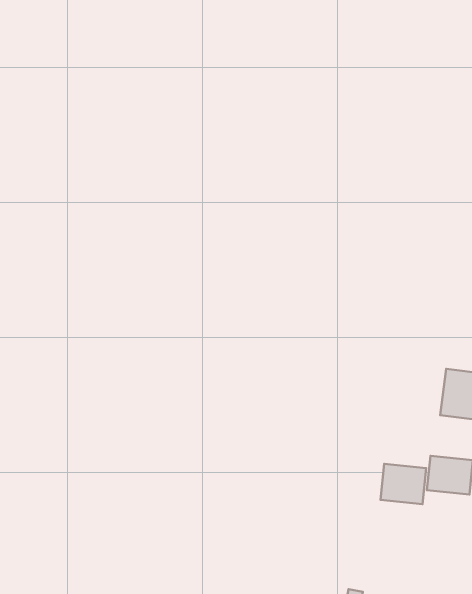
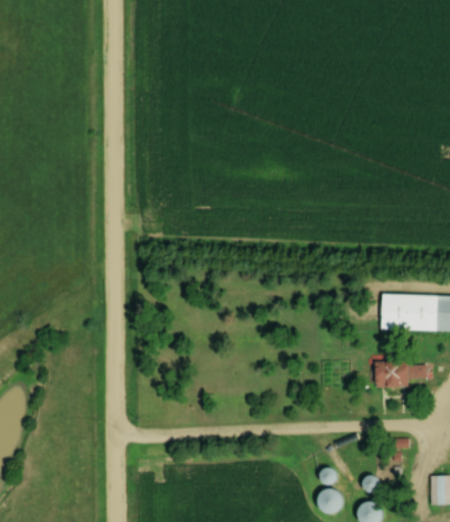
building: [380,464,426,504] -> none

